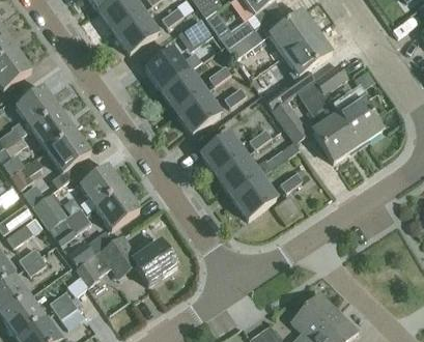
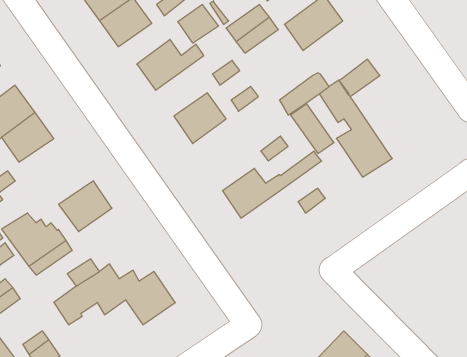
building: [284,31,333,77] -> none
building: [161,60,204,111] -> none
building: [329,94,383,146] -> none
building: [47,130,91,172] -> none
building: [201,132,244,173] -> none
building: [232,176,276,218] -> none
building: [96,188,140,229] -> none

